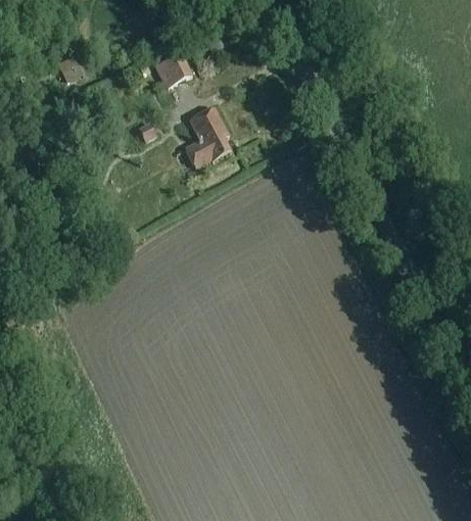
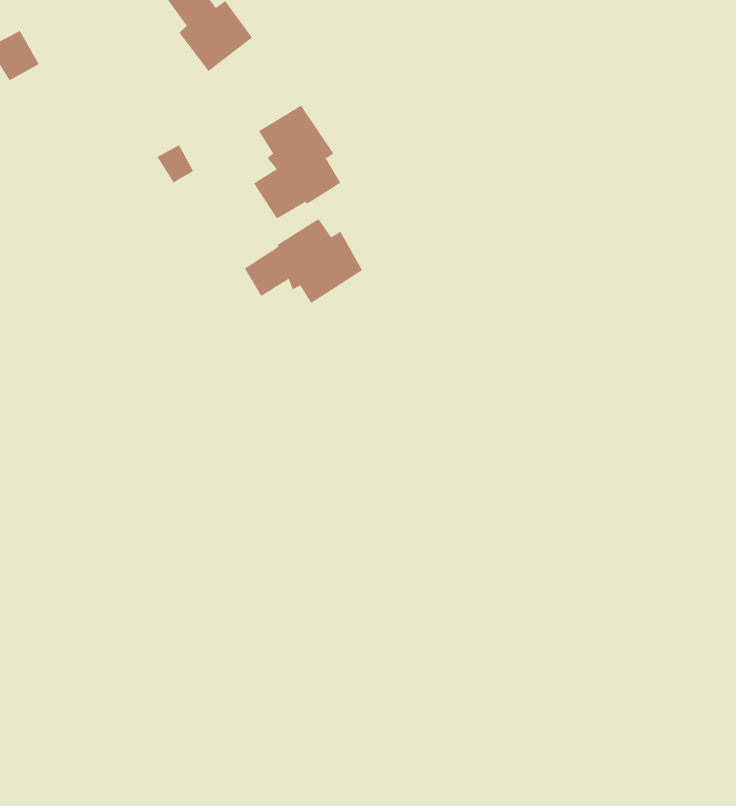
building: none -> [244,218,363,304]

